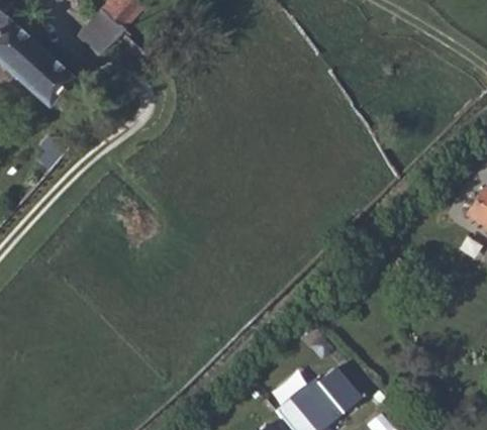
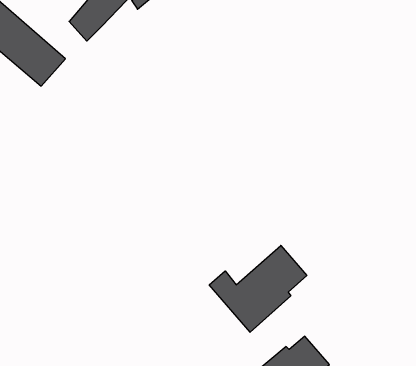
building: none -> [209,245,307,332]

